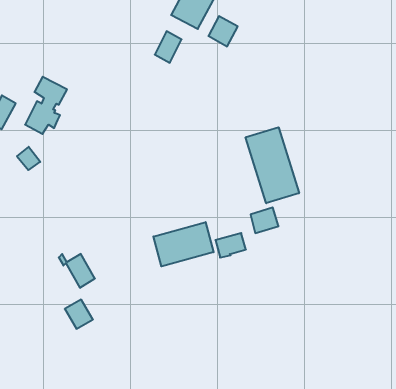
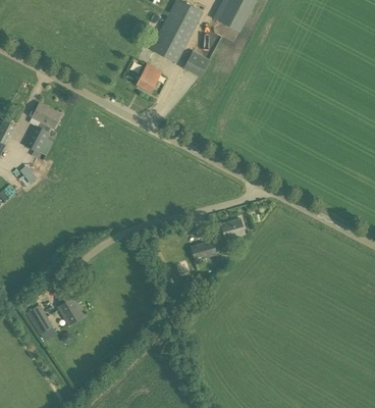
building: [246,127,299,203] -> none
building: [153,222,214,266] -> none
building: [59,254,95,288] -> [20,304,52,334]

